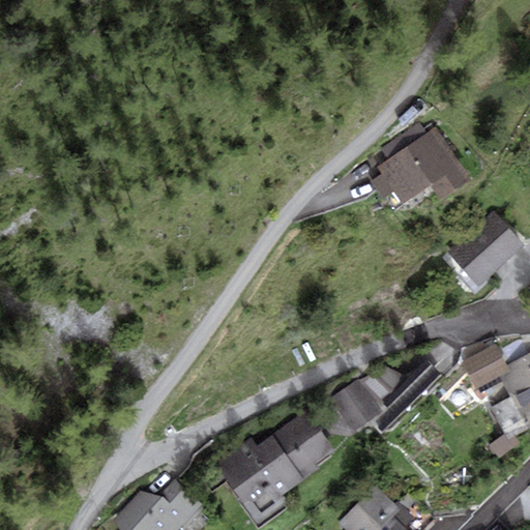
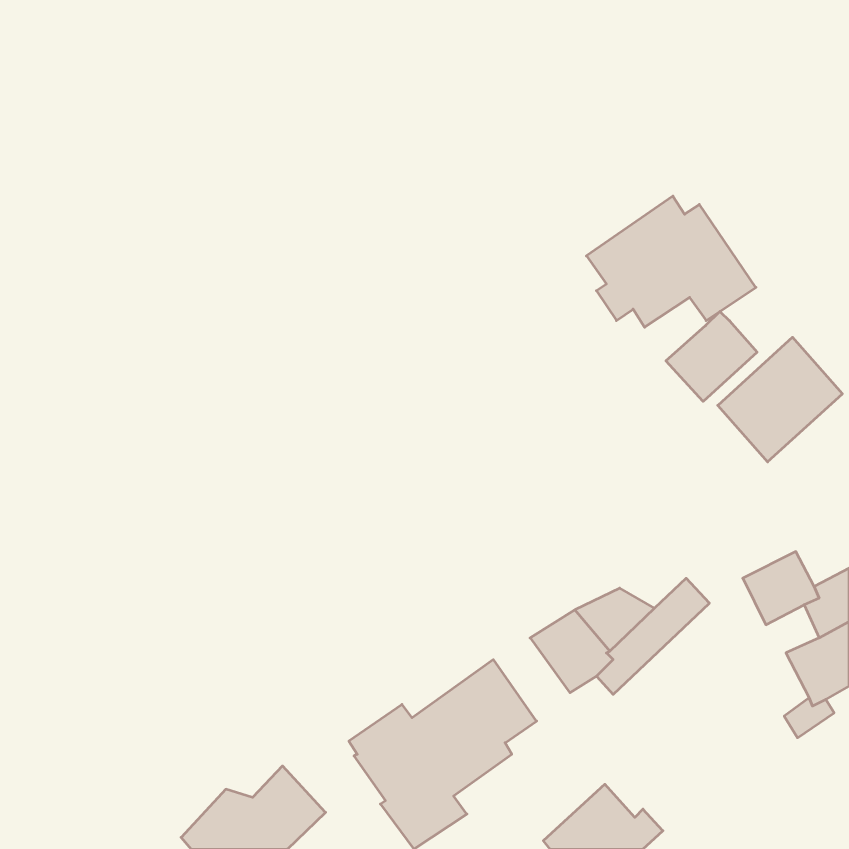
building: none -> [666,311,757,401]

